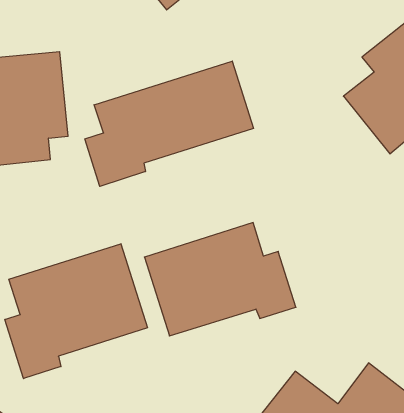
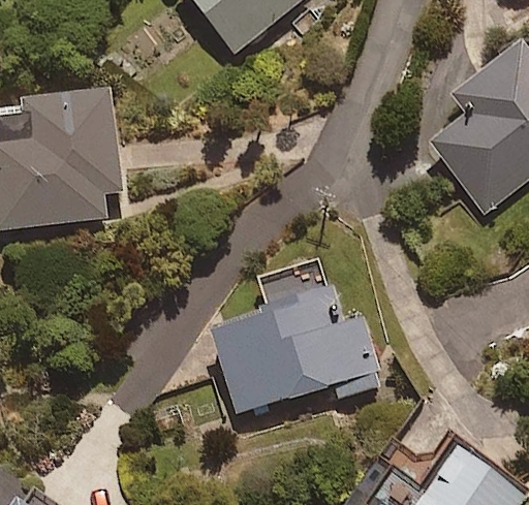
building: [85,61,253,186] -> none
building: [5,244,147,379] -> none

